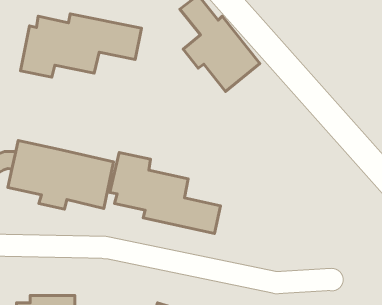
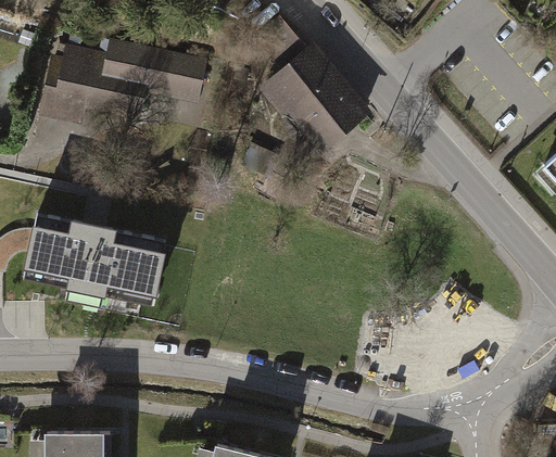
building: [110,153,221,234] -> none

